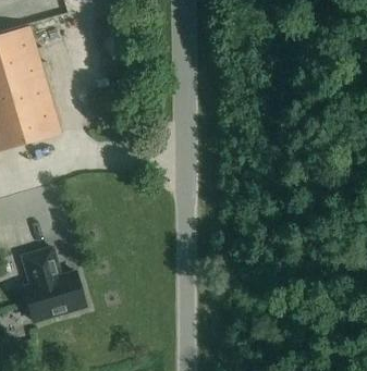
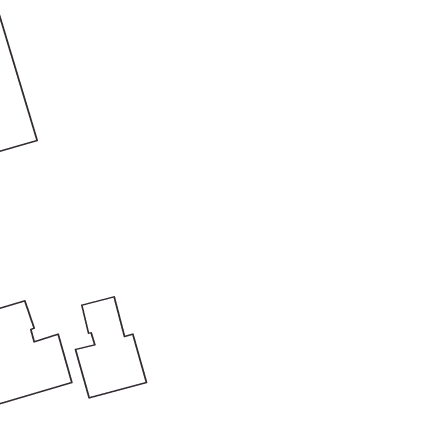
building: none -> [75,297,146,398]

